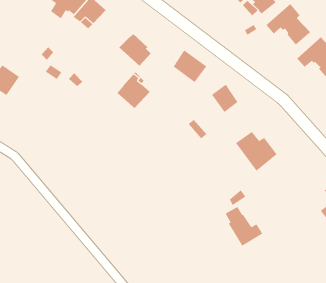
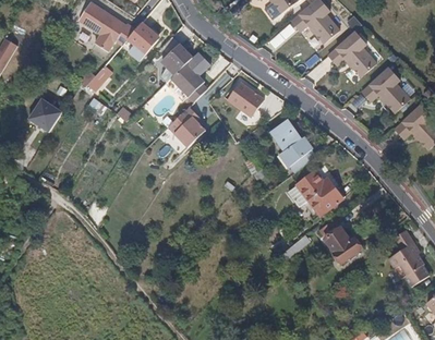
building: none -> [162,36,192,78]
building: none -> [279,135,315,169]
building: [225,206,263,247] -> [319,218,361,262]

